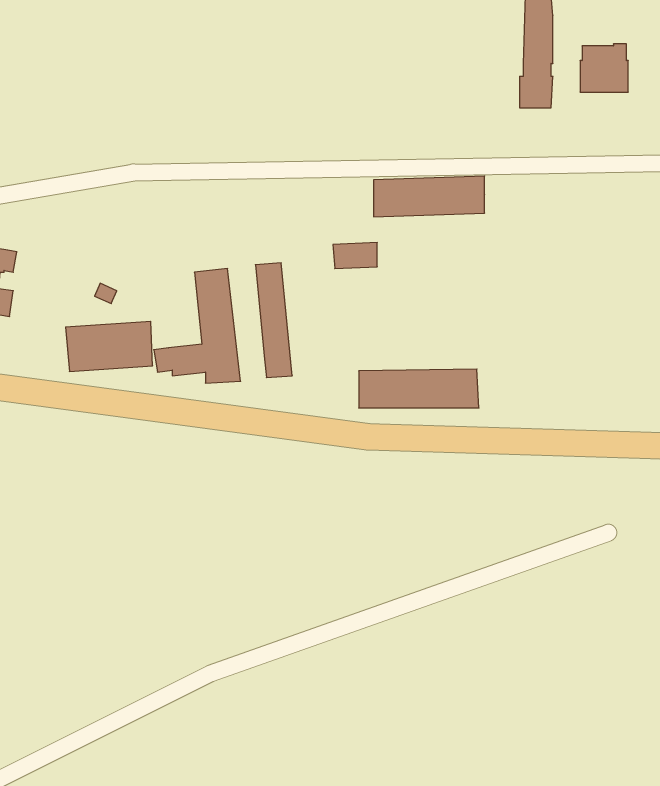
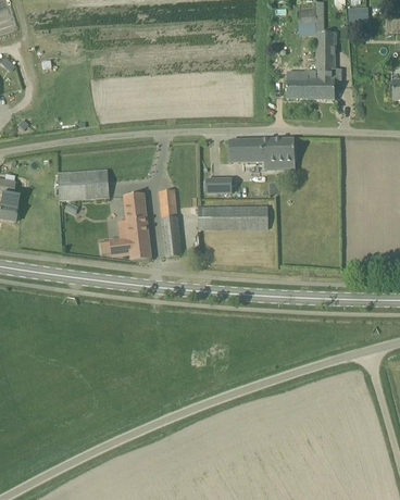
building: [580,44,628,92] -> [287,70,315,98]
building: [66,321,153,371] -> [58,170,109,199]
building: [359,369,479,408] -> [198,205,268,228]

